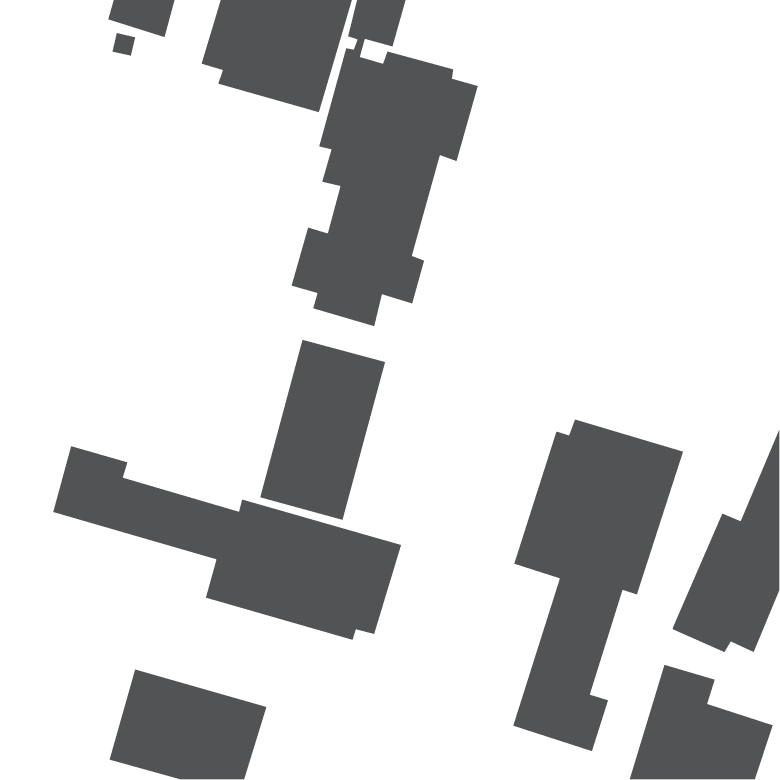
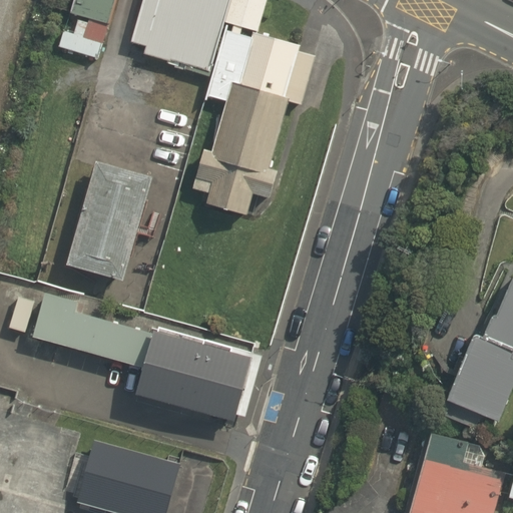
building: [259,339,386,521] -> [68,161,151,281]
building: [512,418,684,752] -> none

